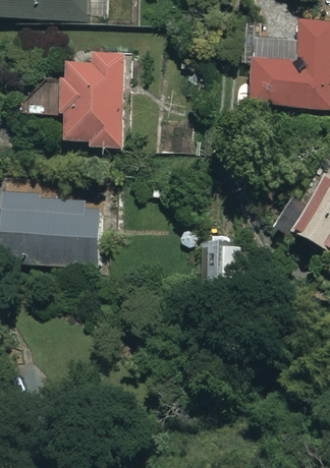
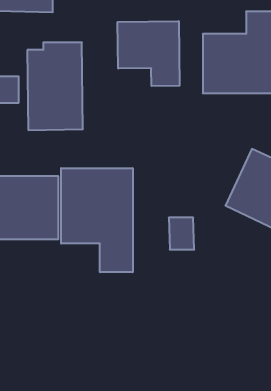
building: none -> [118,21,180,86]
building: none -> [61,168,133,272]

